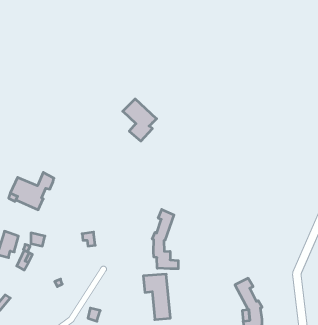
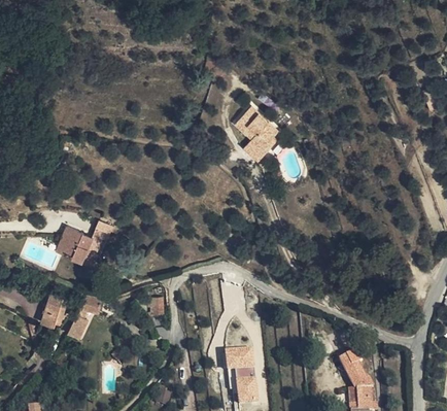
building: [123,99,157,141] -> [237,106,279,159]
building: [152,209,178,269] -> none

